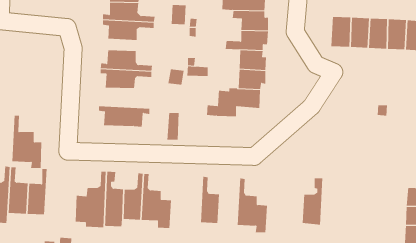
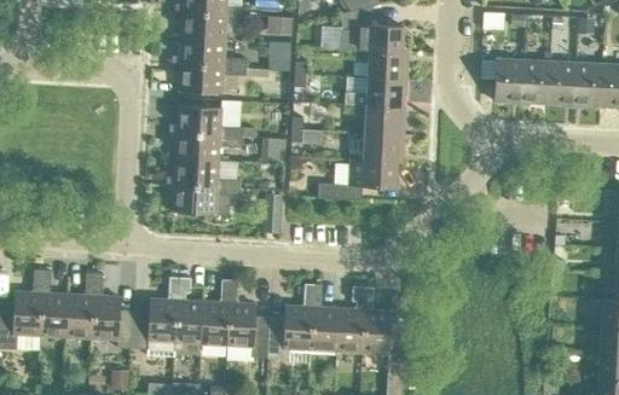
building: none -> [167,159,241,188]
building: [11,115,42,169] -> [92,273,135,348]
building: none -> [268,284,314,359]
building: [302,178,323,225] -> [336,286,366,353]

